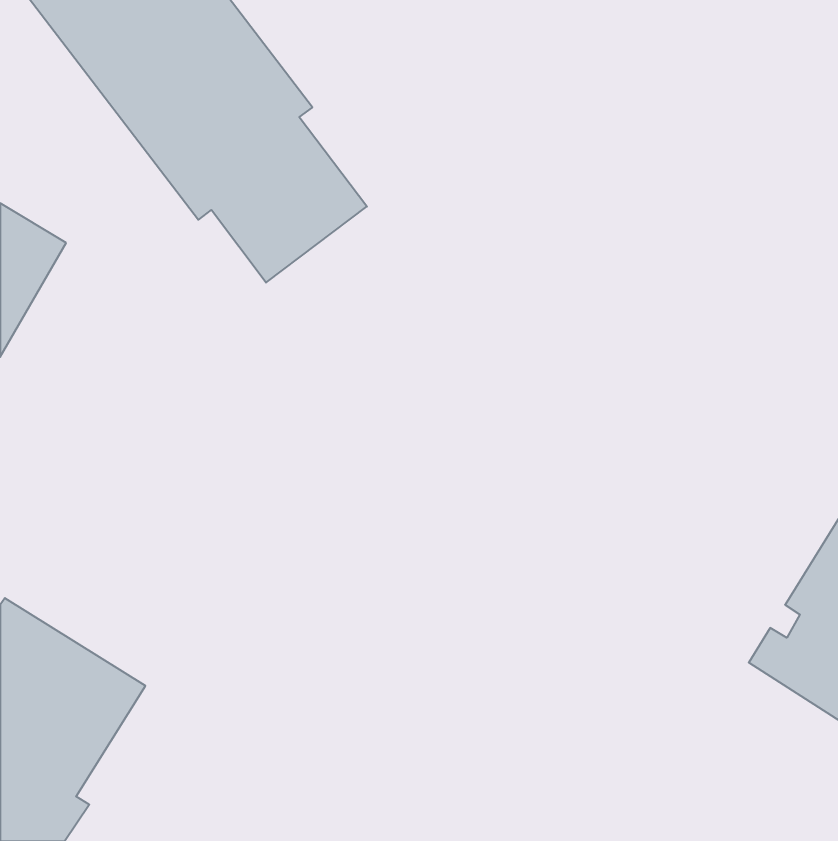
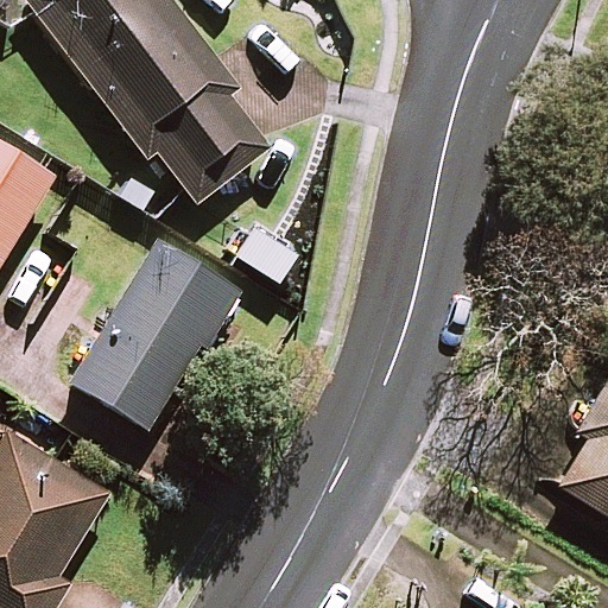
building: none -> [70,241,238,430]

